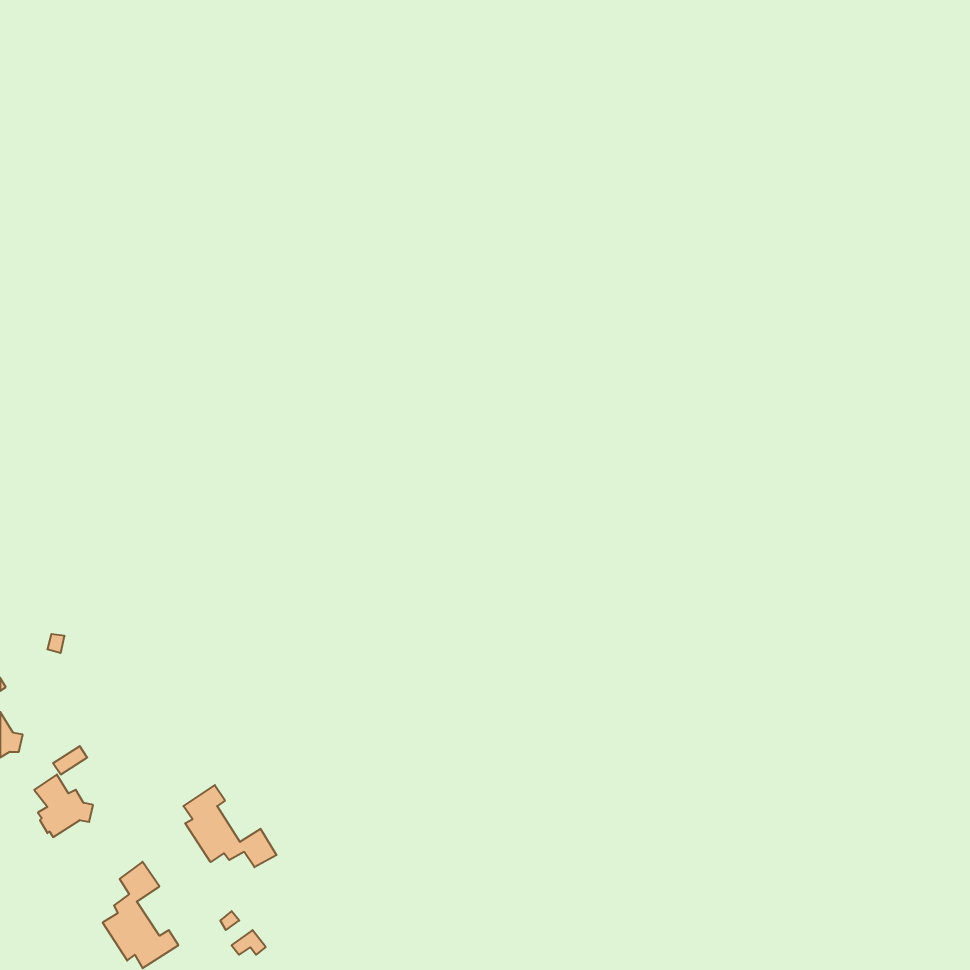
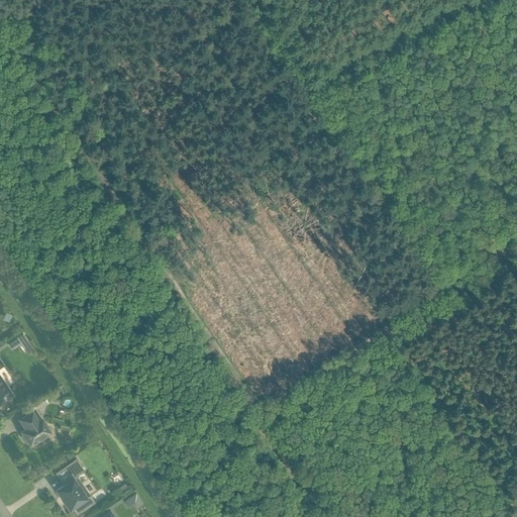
building: [183,785,277,867] -> none

